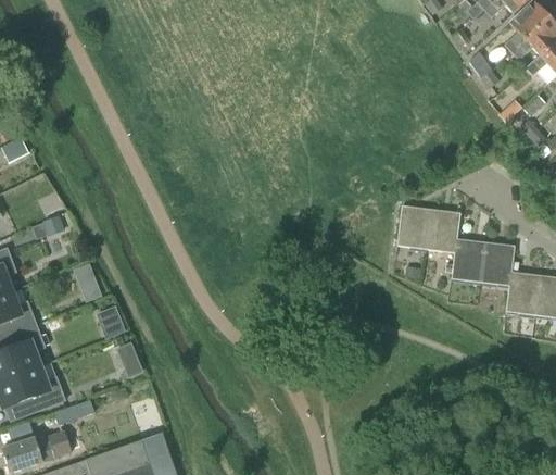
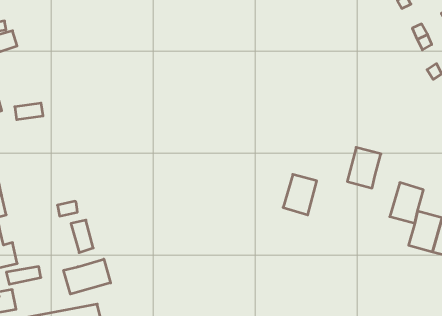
building: [395,207,429,250] -> [283,174,317,215]
building: [451,239,484,283] -> none
building: [76,259,106,299] -> none
building: none -> [64,259,111,294]

